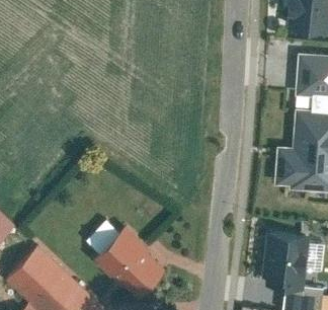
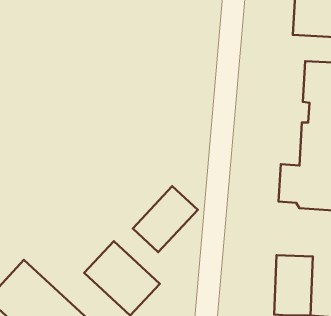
building: none -> [133,186,198,252]

